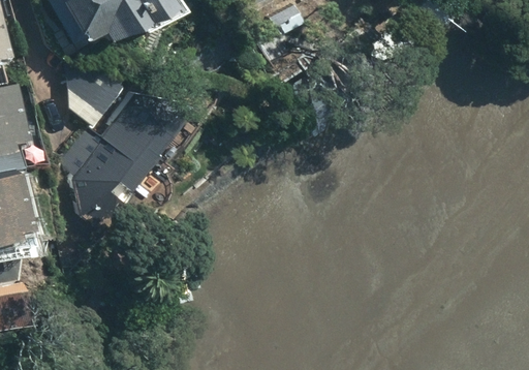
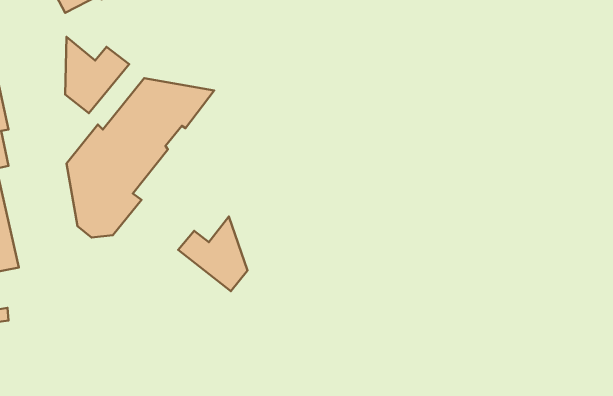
building: none -> [178,216,248,291]

